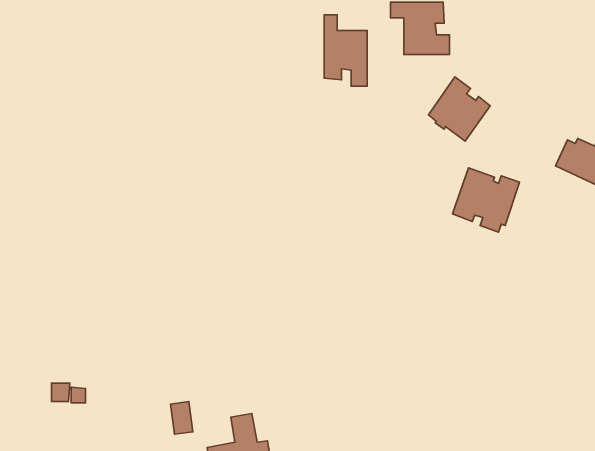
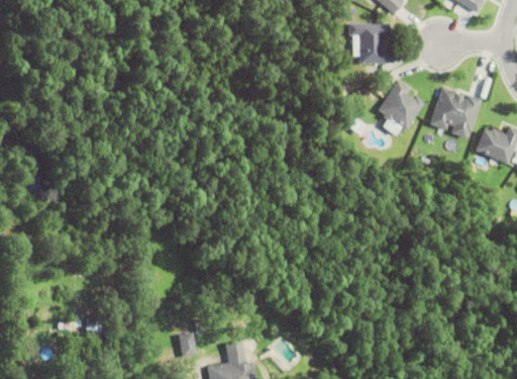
building: [324,15,367,86] -> none
building: [453,168,519,232] -> [429,88,481,137]

